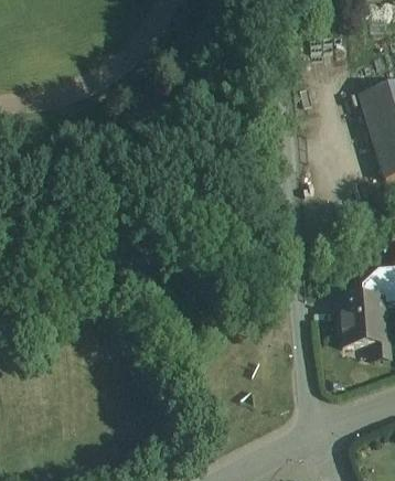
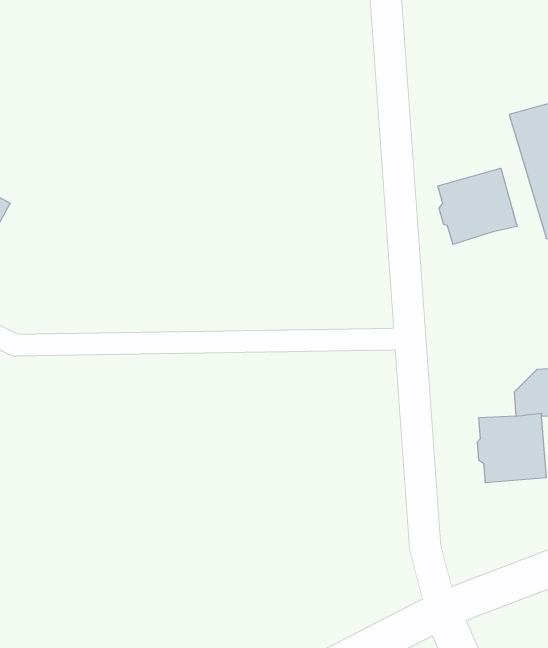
building: none -> [438,168,517,245]

